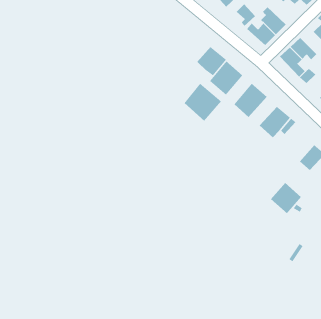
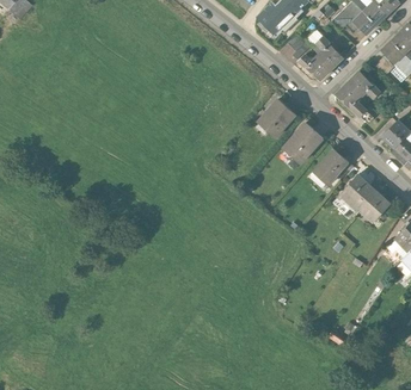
building: [196,46,227,76] -> none
building: [184,83,222,122] -> none
building: [270,182,302,214] -> [339,174,375,210]

